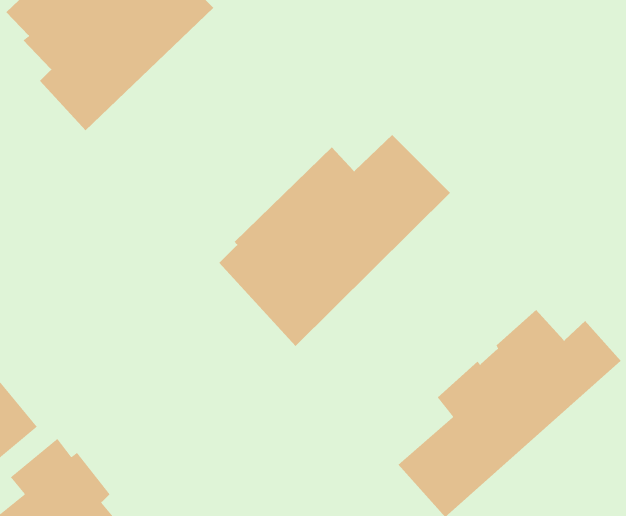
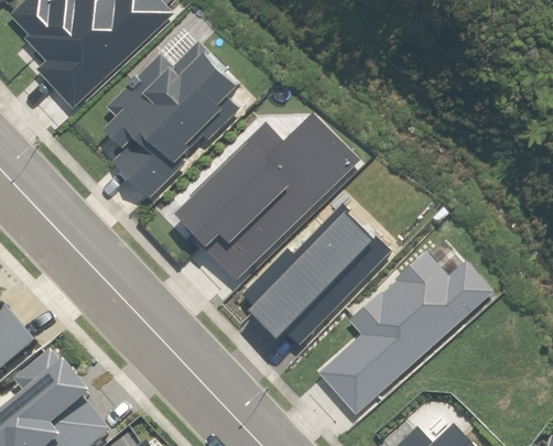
building: none -> [102,51,239,199]
building: none -> [237,204,391,348]

